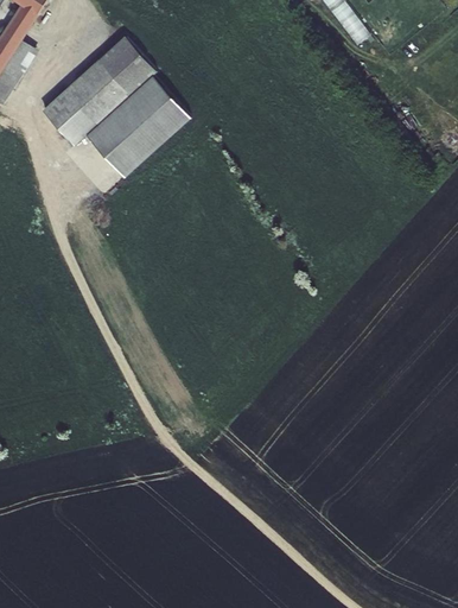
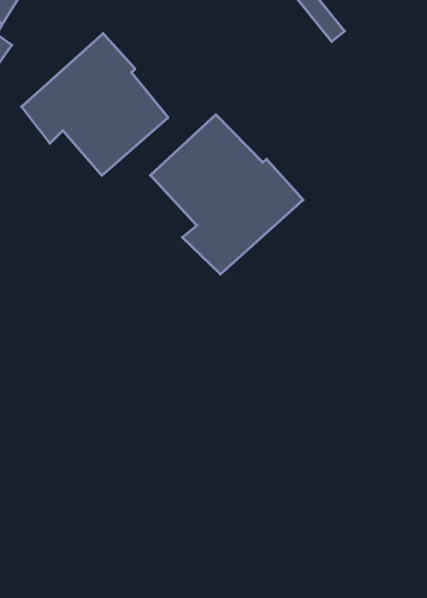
building: none -> [150,115,303,274]

